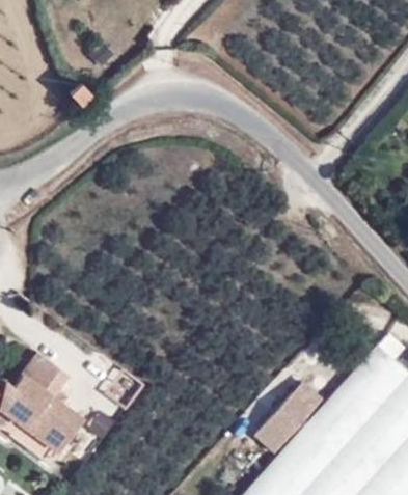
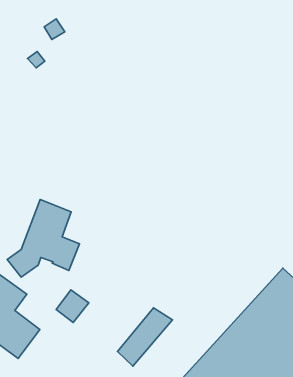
building: none -> [7,199,79,277]
building: [253,384,320,455] -> [117,308,173,366]

